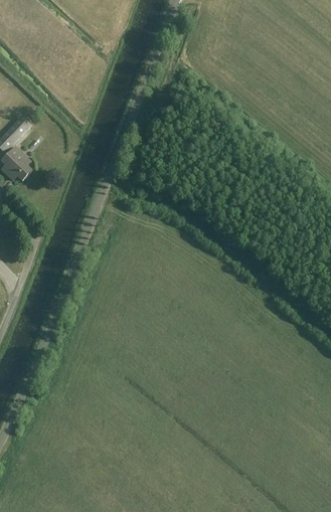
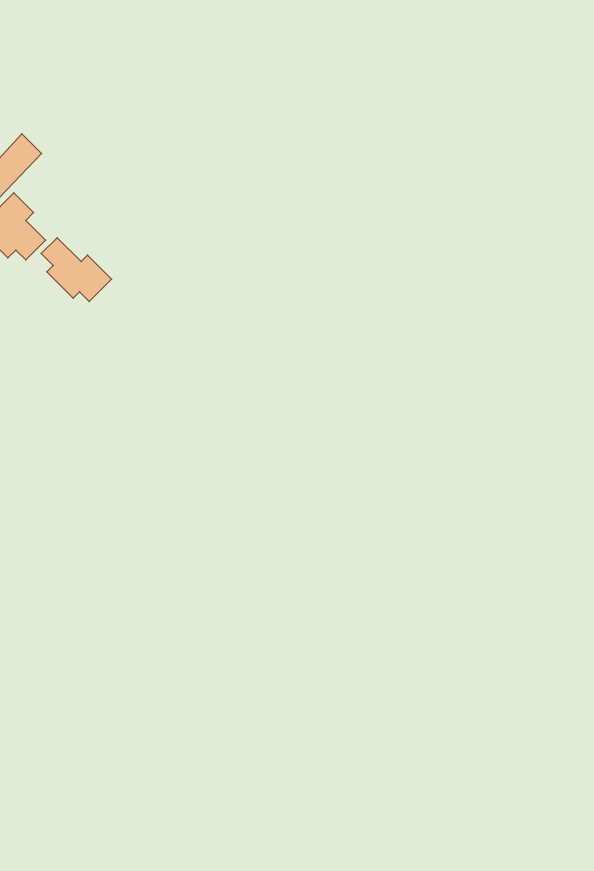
building: none -> [41,238,111,301]

